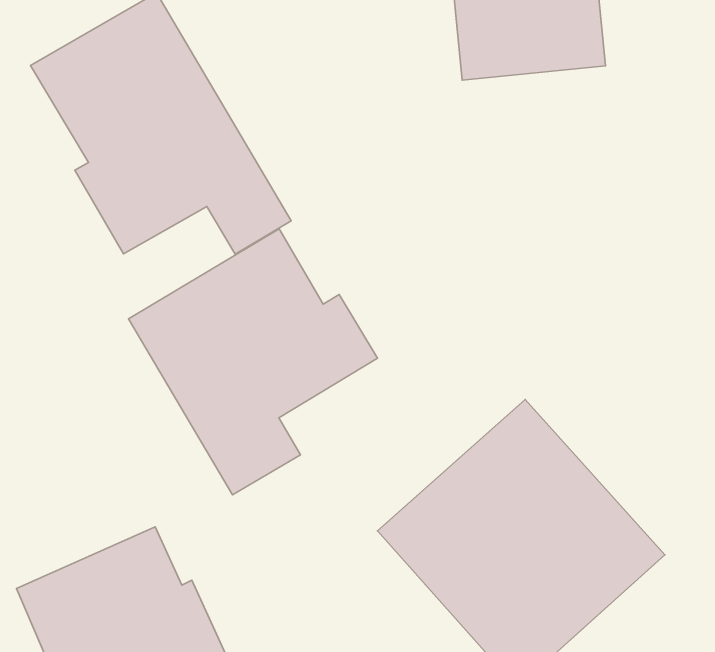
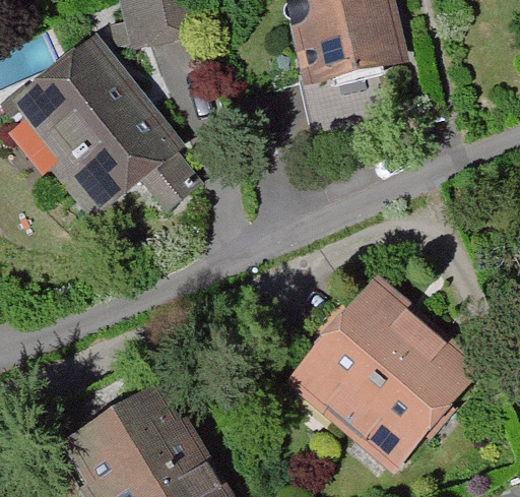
building: [129,229,377,495] -> none

